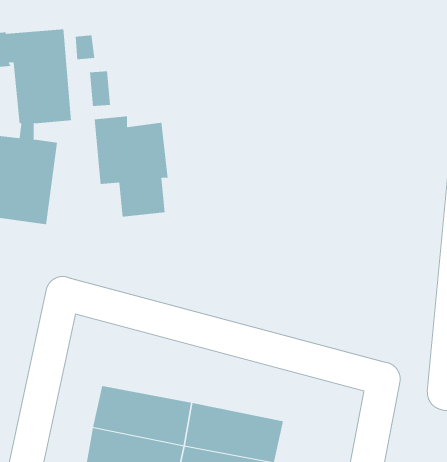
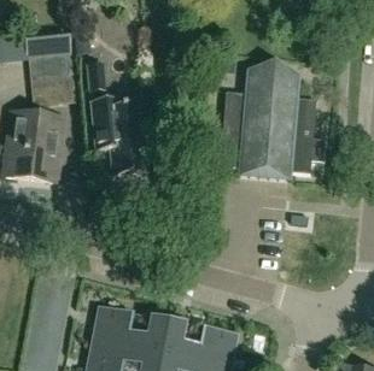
building: none -> [205,61,325,173]

